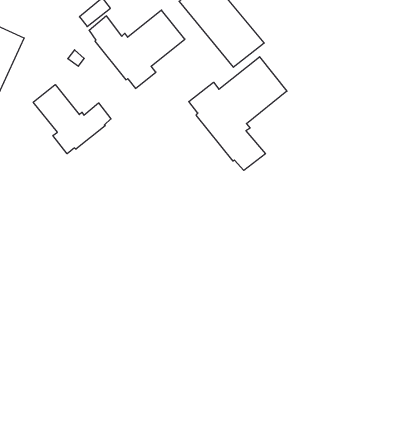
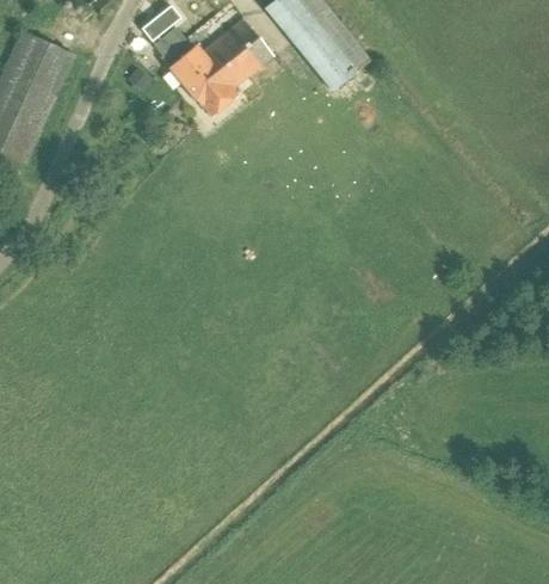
building: [189,57,287,170] -> none
building: [33,85,111,154] -> none

